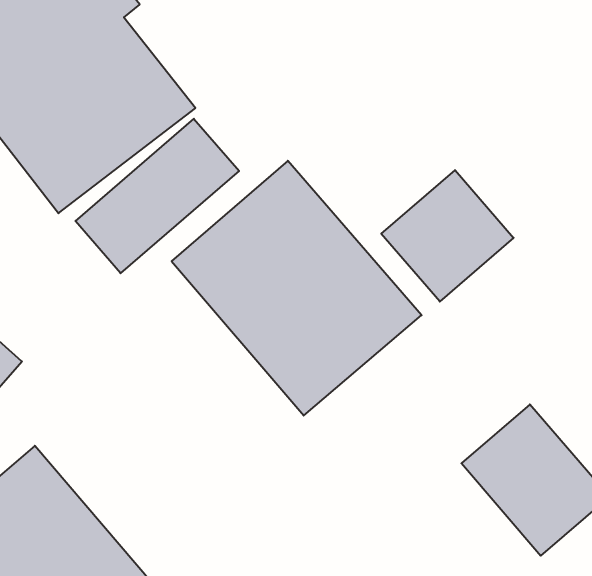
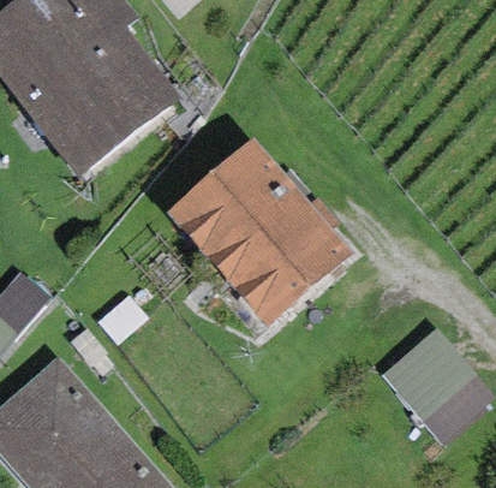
building: [75,119,239,273] -> none
building: [381,170,514,302] -> none

